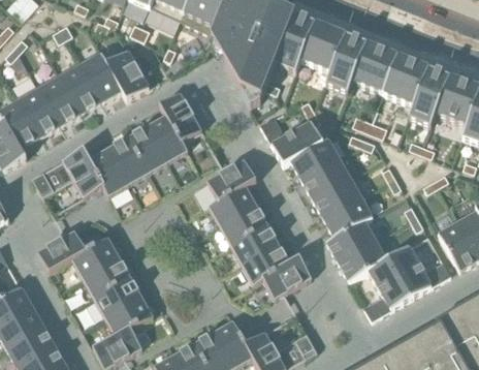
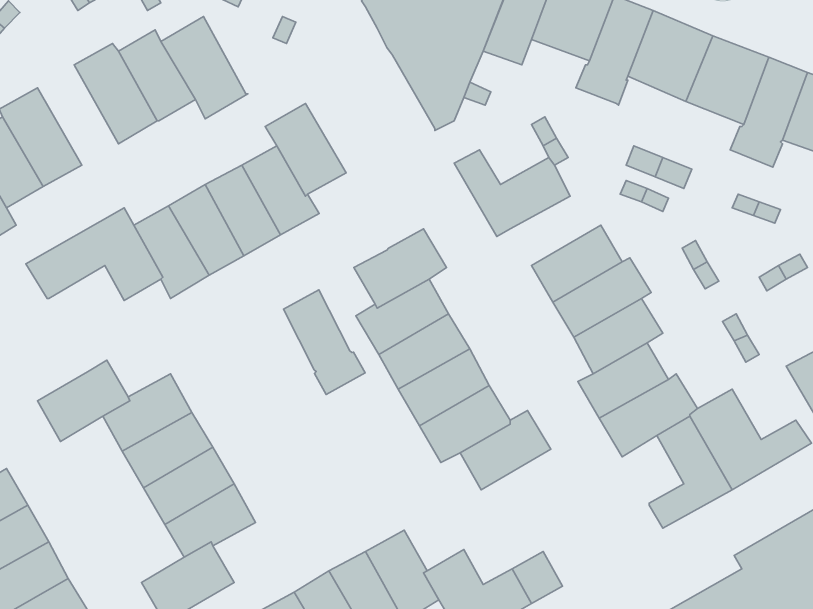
building: [37,70,81,124] -> none
building: [290,137,339,178] -> none
building: none -> [283,290,365,394]

